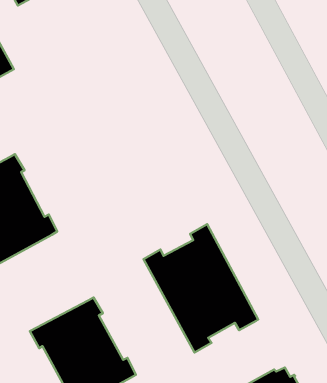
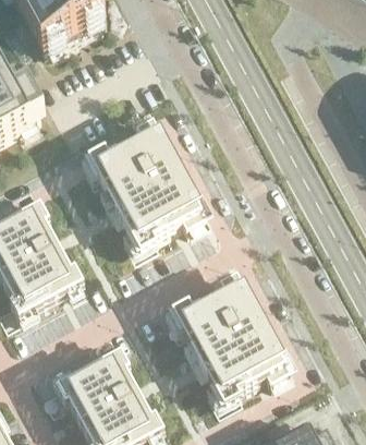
building: none -> [89,120,207,252]

